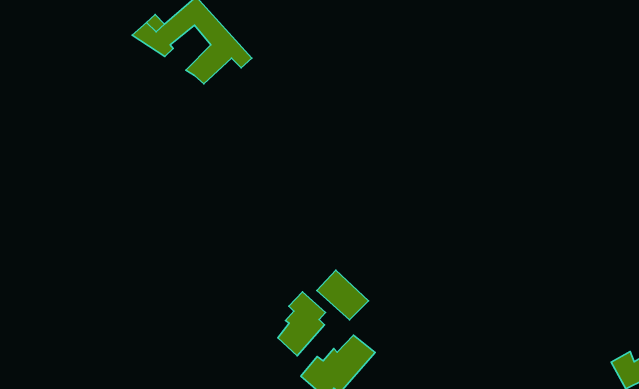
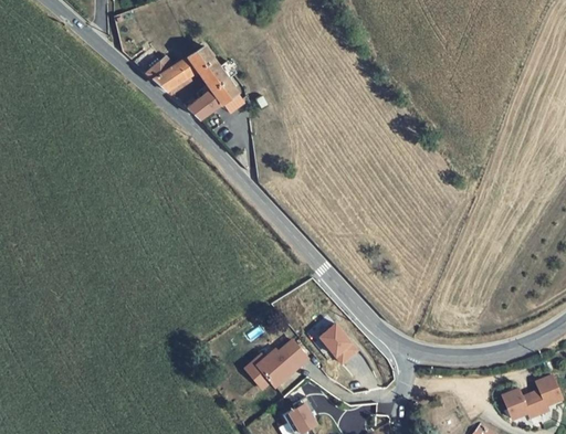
building: [317,270,369,320] -> [318,322,359,364]
building: [278,292,326,356] -> none

